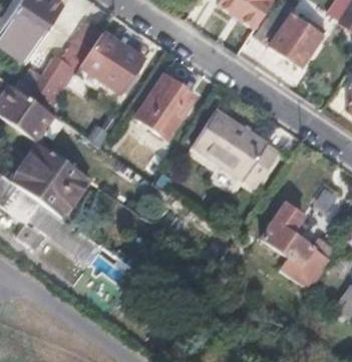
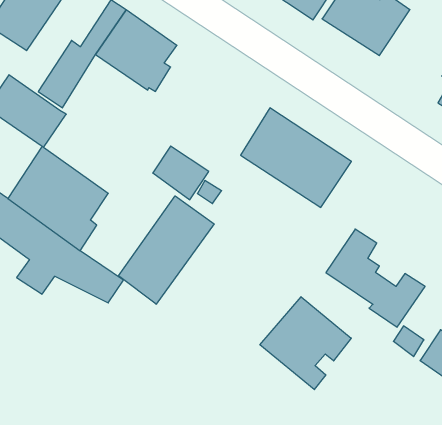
building: [136,74,196,136] -> none
building: none -> [119,196,214,304]
building: none -> [260,297,351,390]

